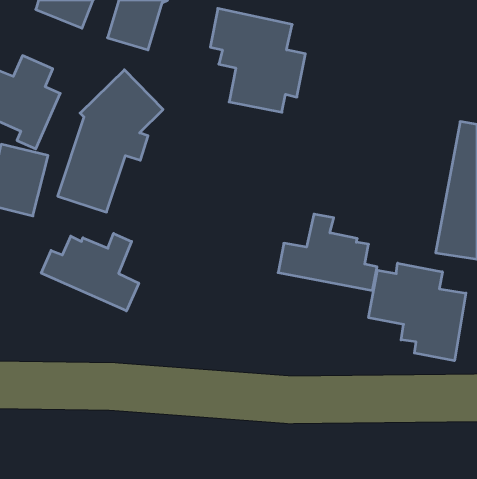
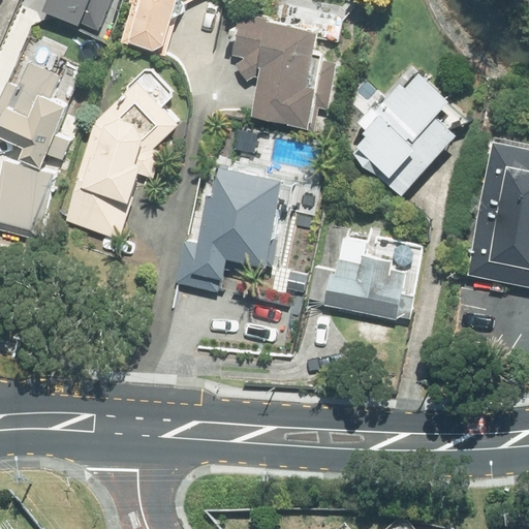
building: none -> [352,64,459,195]
building: none -> [175,163,286,292]
building: [41,233,139,311] -> none
building: [369,263,466,361] -> none

